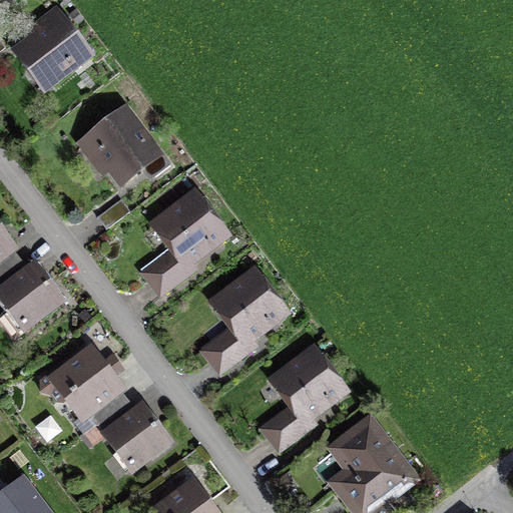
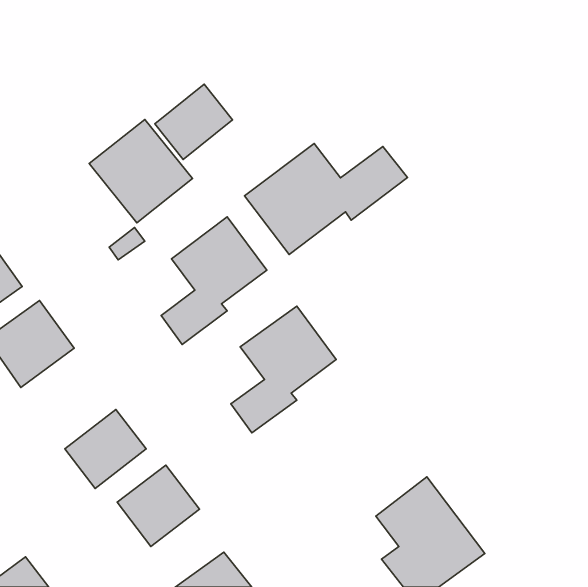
building: [8,7,96,94] -> none
building: none -> [155,84,233,159]
building: none -> [245,143,407,254]
building: [258,342,350,451] -> none

